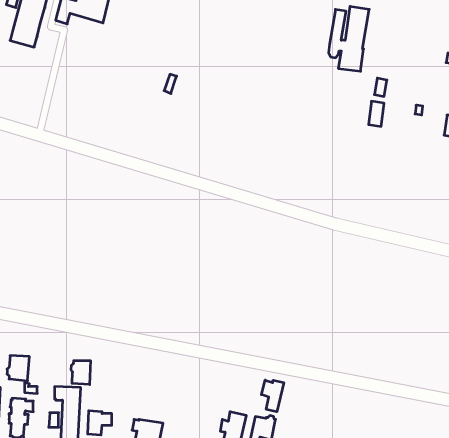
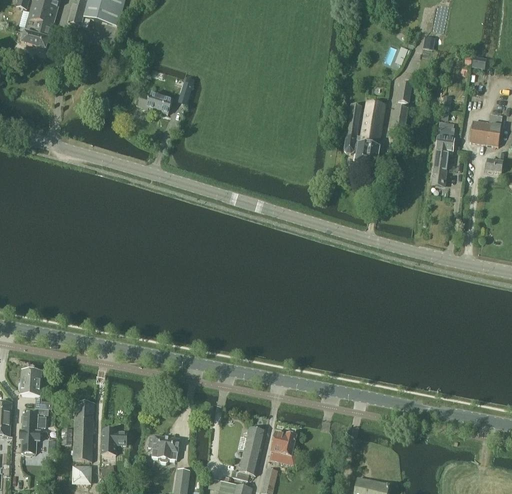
building: [329,6,369,71] -> [344,101,386,168]
building: none -> [139,92,172,113]
building: none -> [432,127,455,188]
building: [71,361,90,385] -> none
building: [261,380,284,412] -> none

